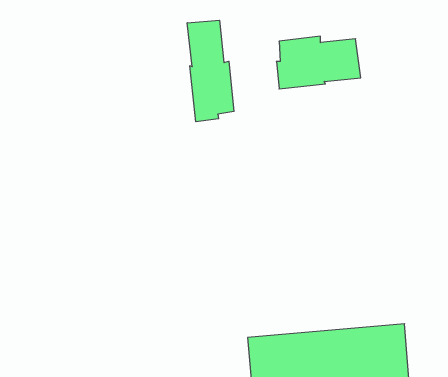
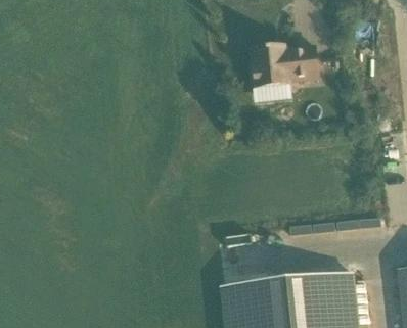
building: [187,20,234,122] -> none

